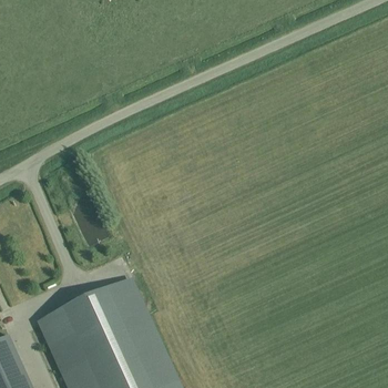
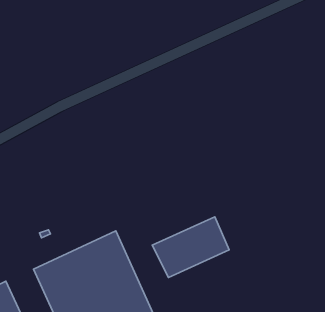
building: none -> [152,217,229,278]

